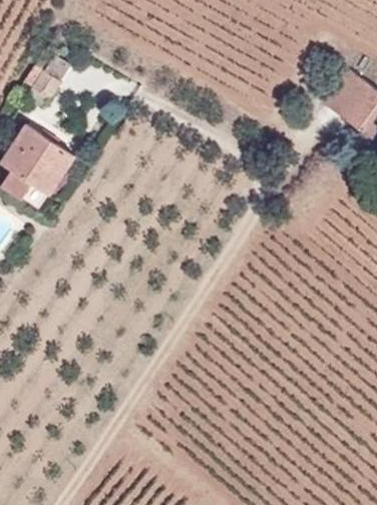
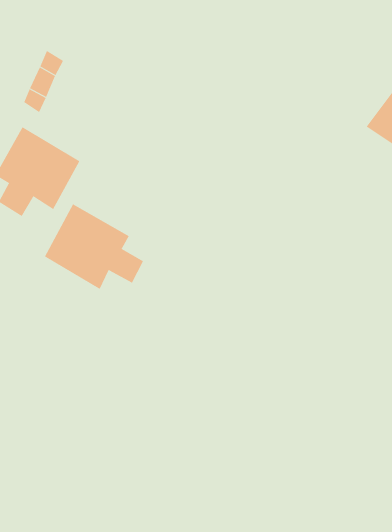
building: none -> [44,203,144,290]

